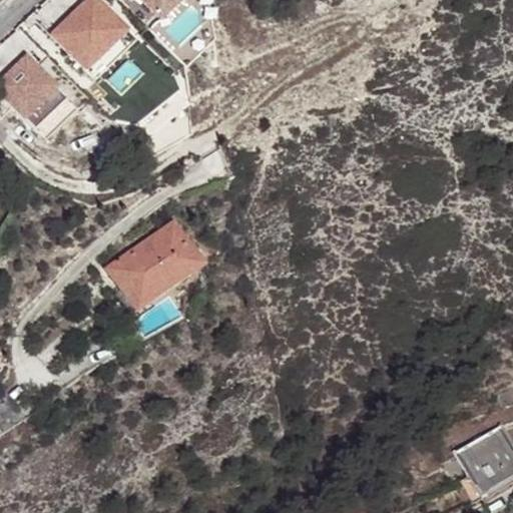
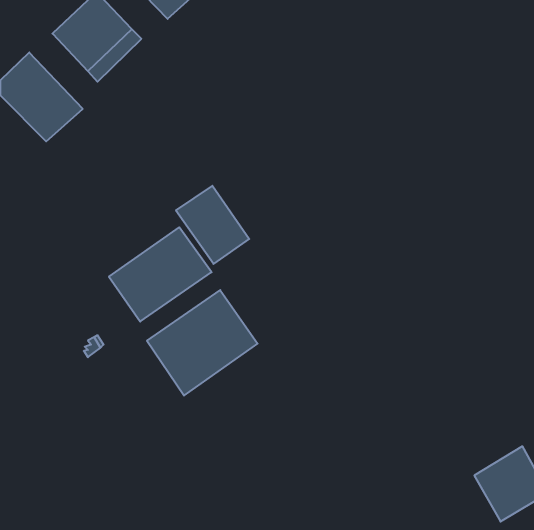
building: none -> [176,186,249,264]
building: none -> [147,290,258,396]

